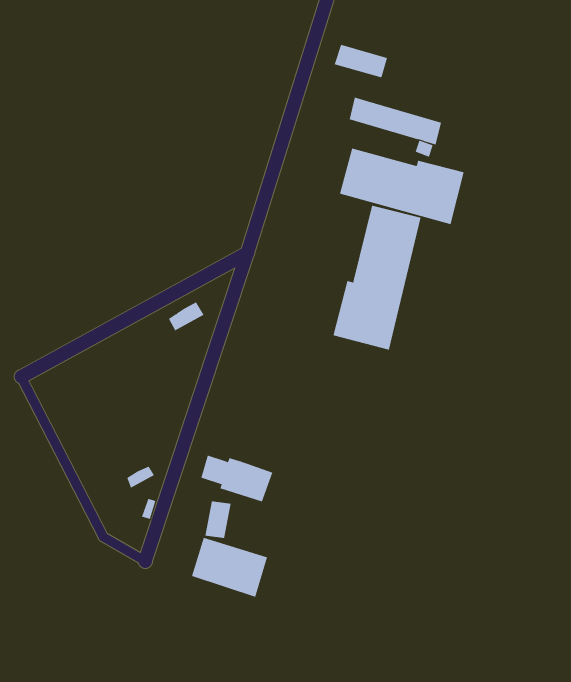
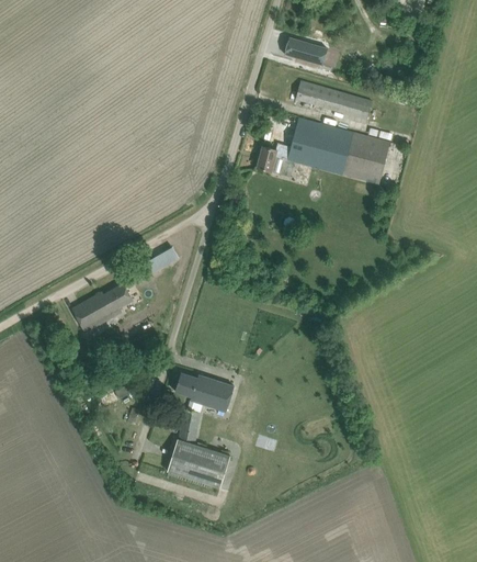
building: none -> [257,143,291,171]
building: [333,205,421,351] -> none
building: none -> [71,283,132,331]

